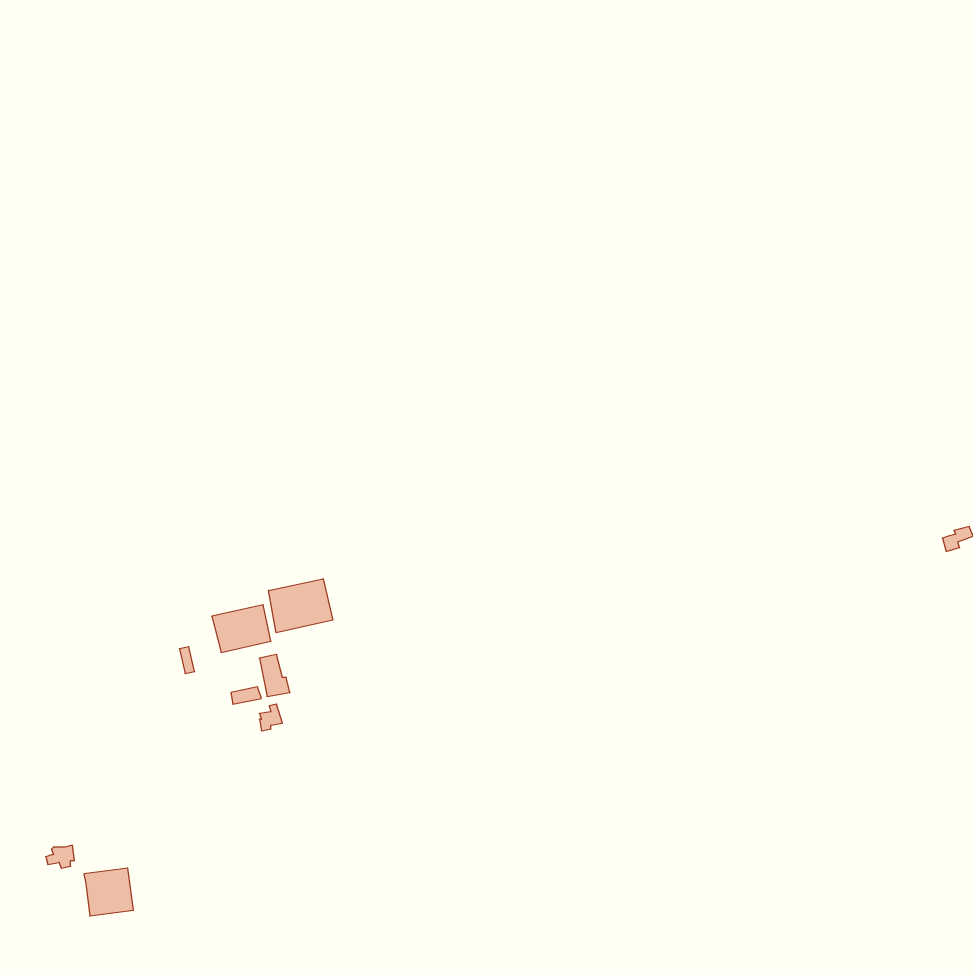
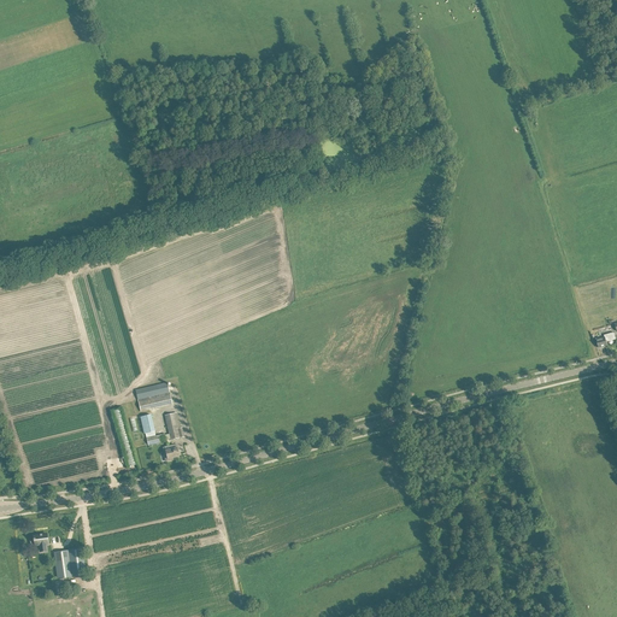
building: [268,579,333,633] -> none

